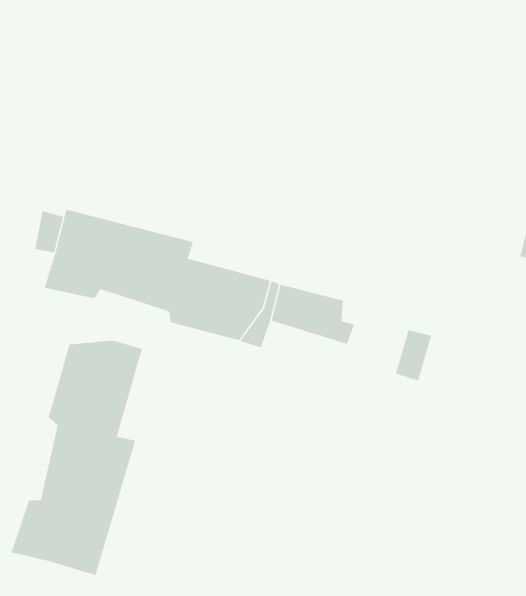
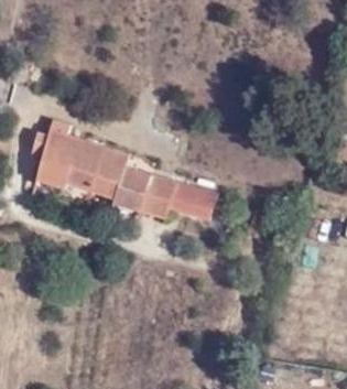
building: [11,340,142,576] -> none

